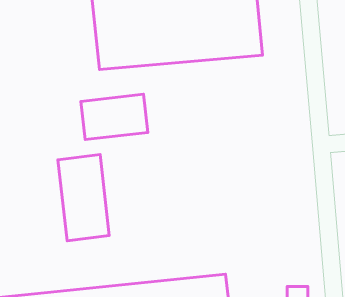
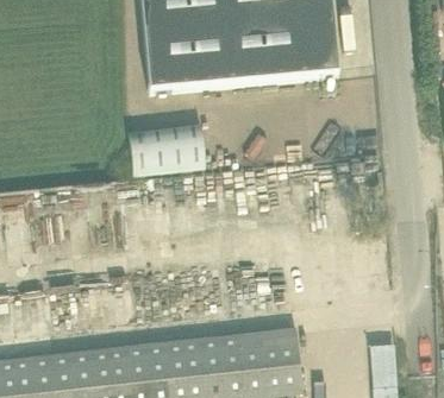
building: [58,155,109,241] -> none

